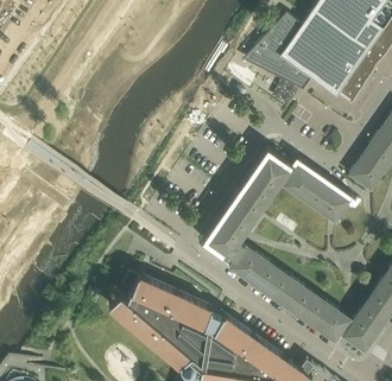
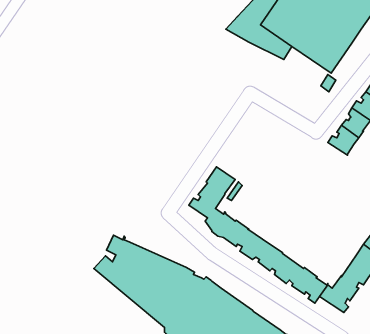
building: [233,152,349,218] -> none

